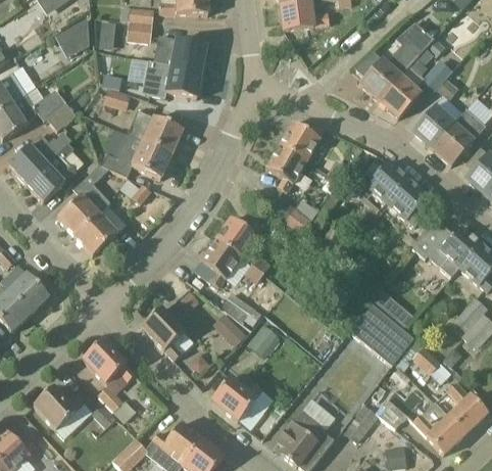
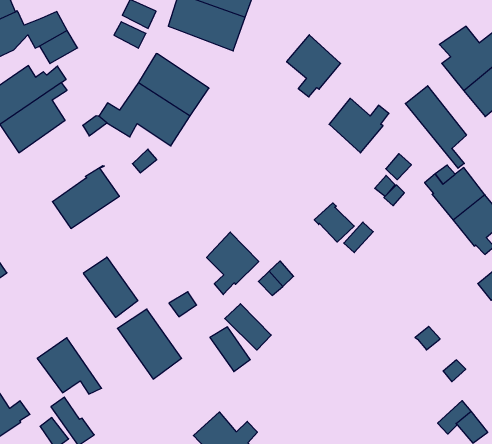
building: none -> [405,86,466,168]
building: [265,143,307,191] -> [287,35,341,97]
building: [57,184,110,236] -> none
building: [216,217,262,257] -> none
building: none -> [84,257,138,317]
building: [349,303,409,363] -> none
building: [248,324,281,357] -> none

